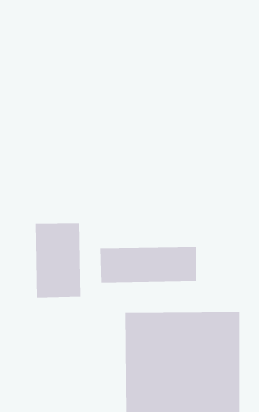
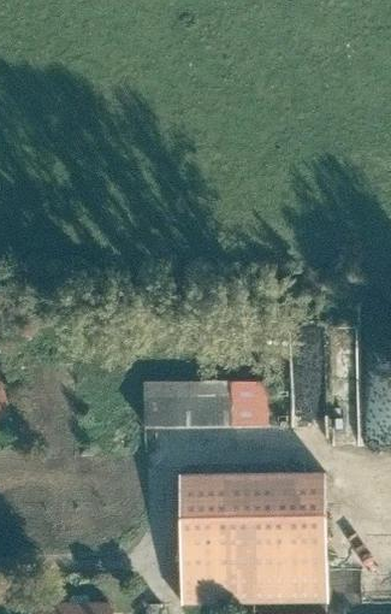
building: [35,222,81,298] -> none

